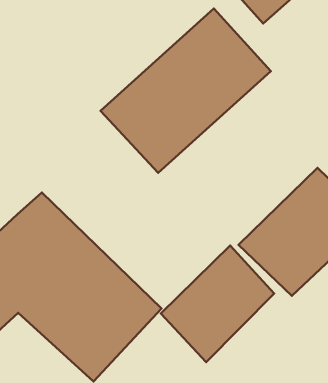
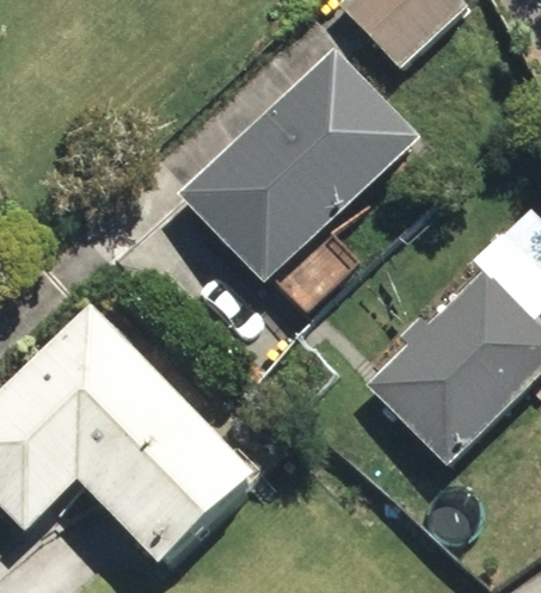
building: [161,245,274,362] -> none

